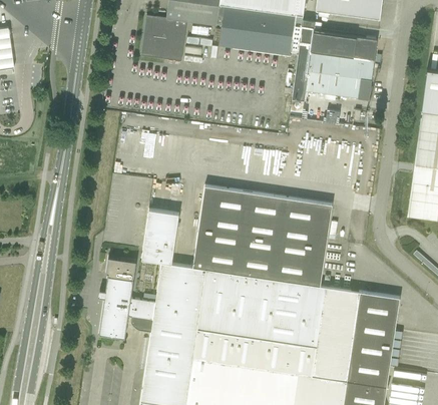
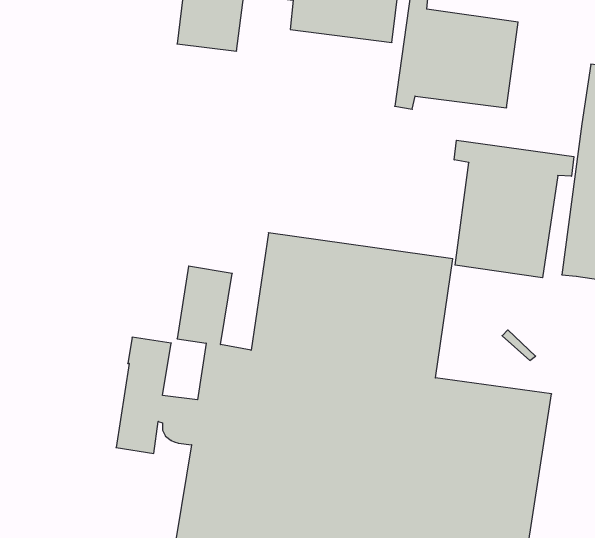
building: none -> [454,140,574,278]

